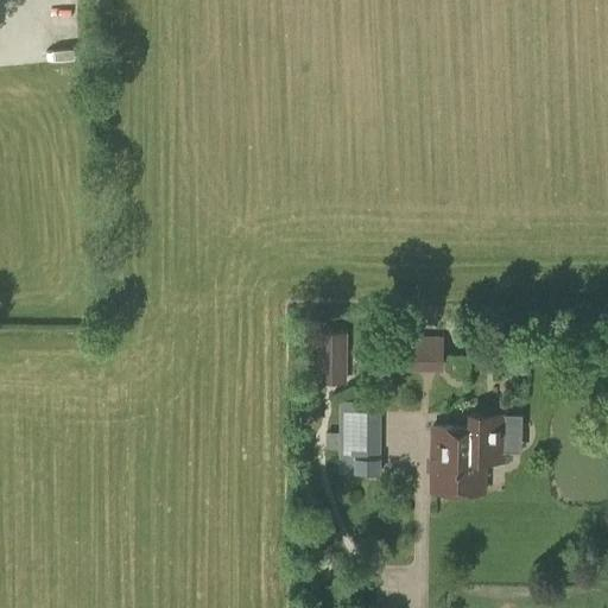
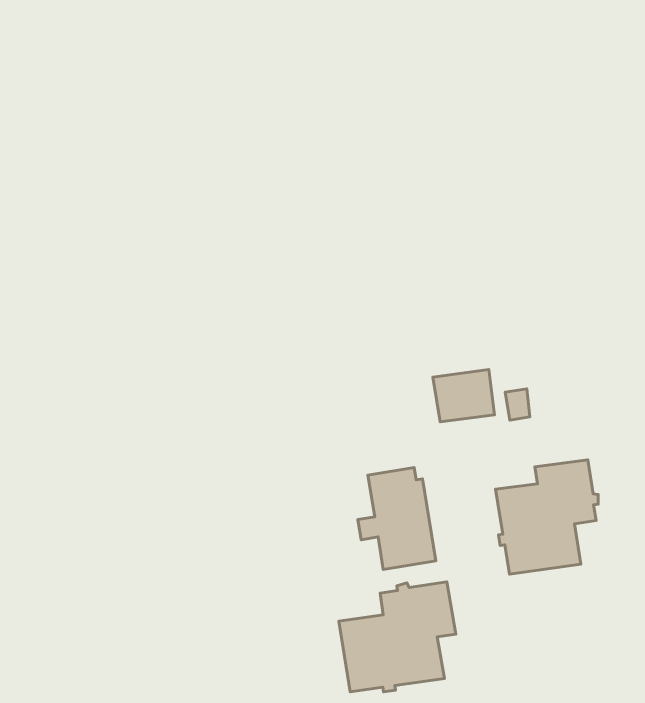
building: [321,335,346,384] -> none
building: none -> [339,582,456,692]

